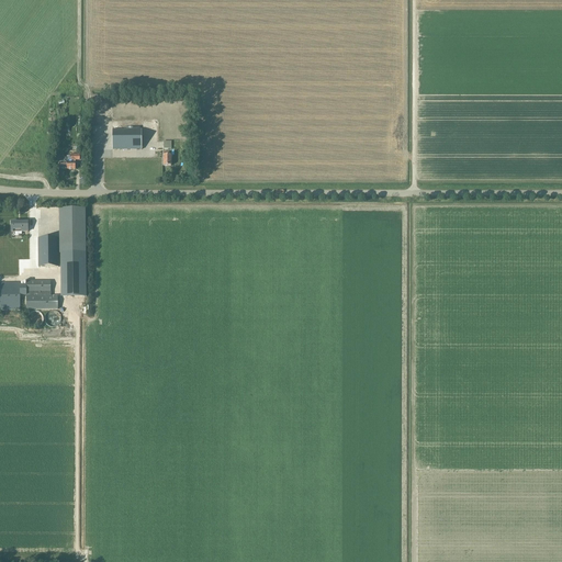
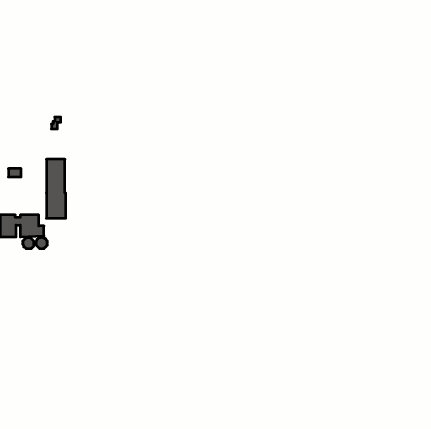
building: [112,128,142,148] -> none
building: [38,236,58,266] -> none

